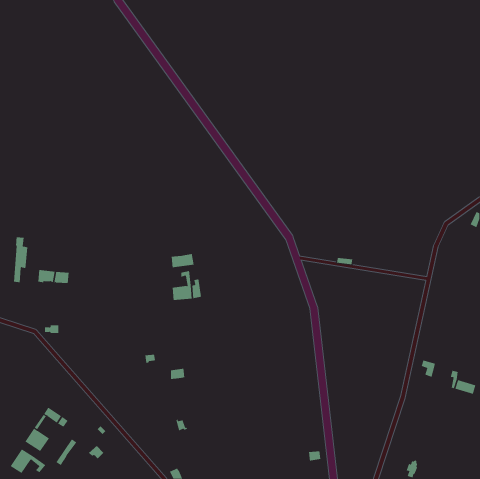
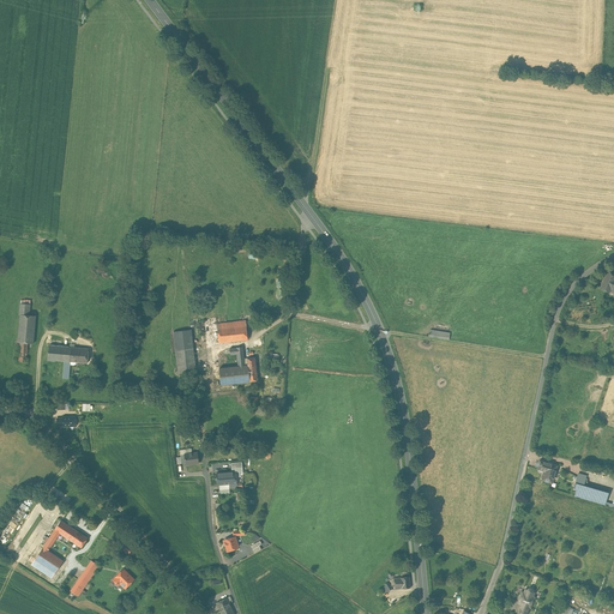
building: none -> [173,329,195,372]
building: [10,448,46,474] -> none

